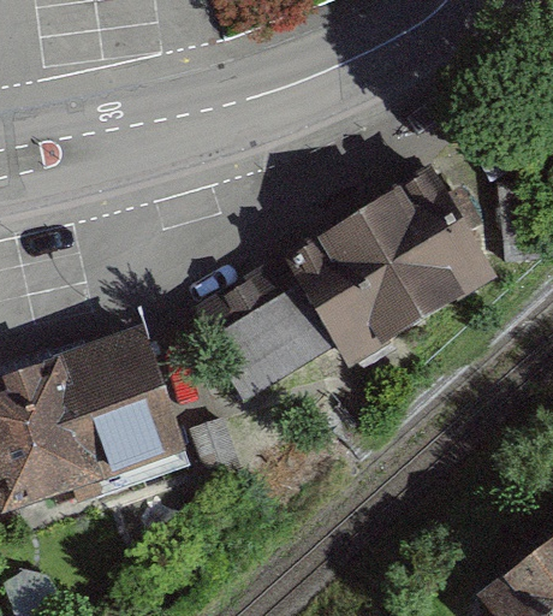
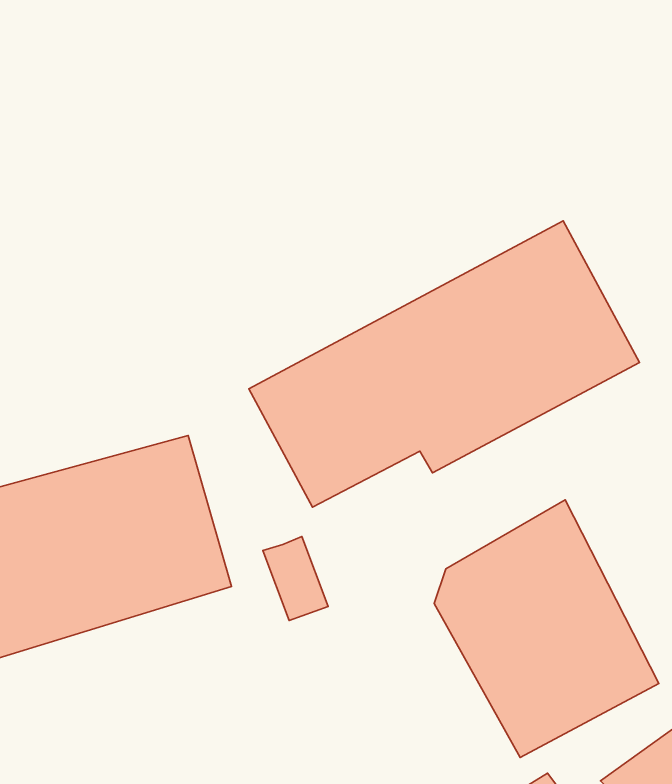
building: none -> [434,500,659,758]

